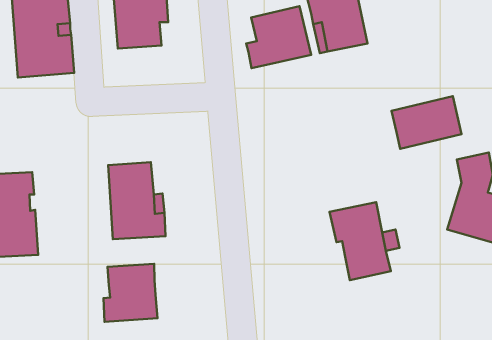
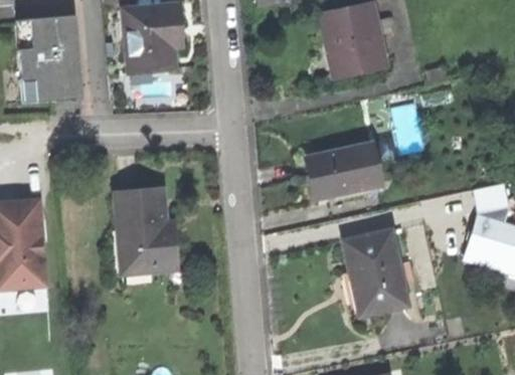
building: [246,6,311,68] -> none
building: [392,96,461,149] -> [307,145,379,199]
building: [104,264,158,322] -> none

